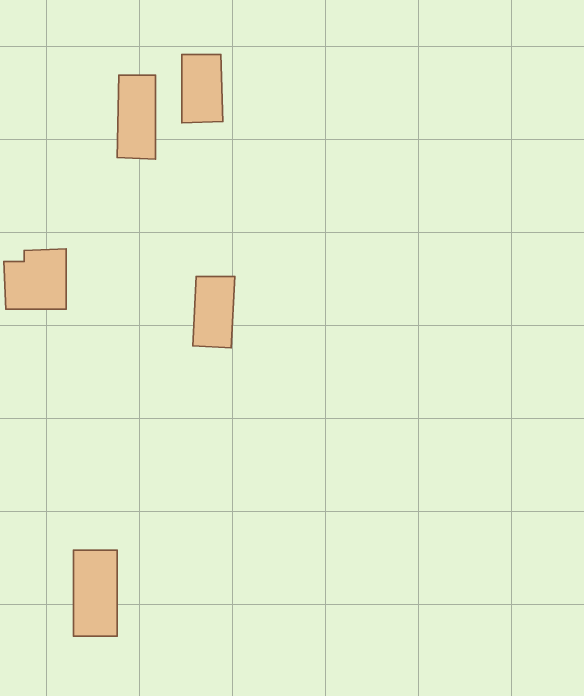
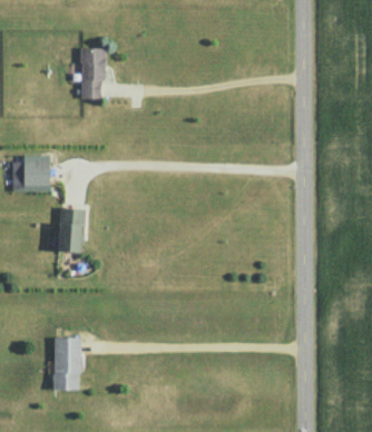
building: [182,54,223,123] -> none
building: [193,277,235,348] -> [59,208,85,252]

